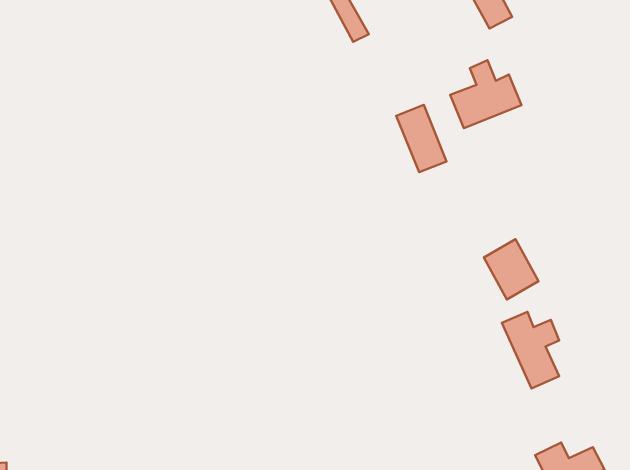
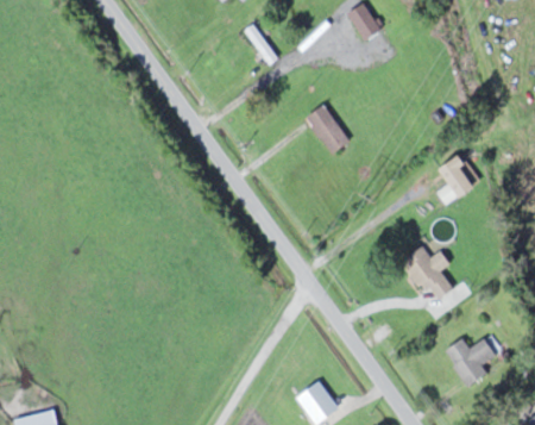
building: [450,60,522,128] -> none
building: [484,239,539,299] -> [438,155,480,200]

